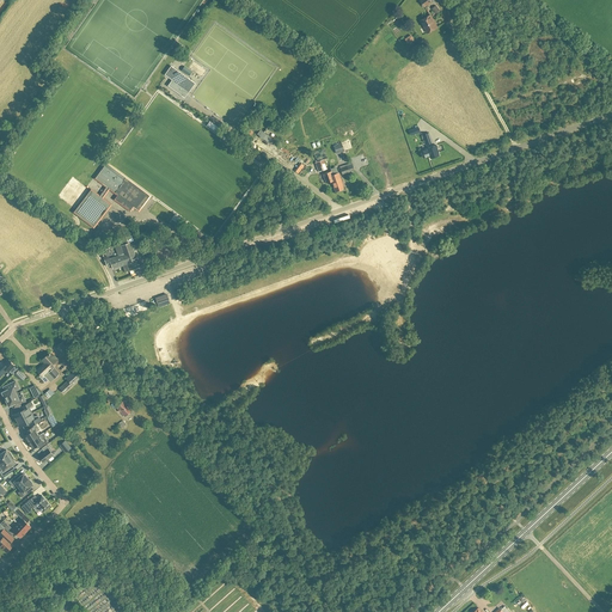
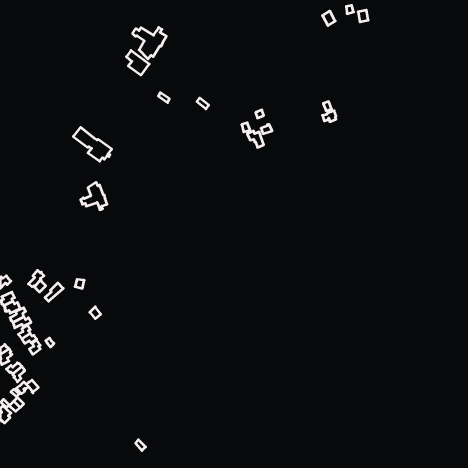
building: none -> [133,27,166,59]
building: [74,190,110,226] -> none

